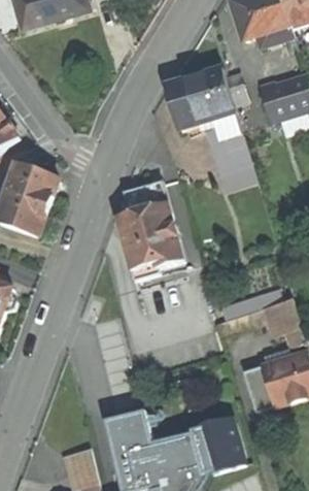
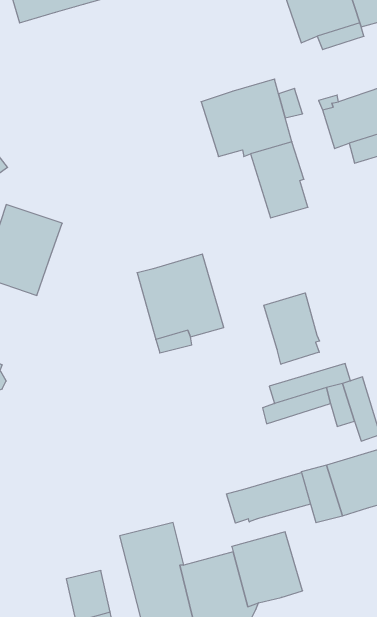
building: [122,181,167,215] -> none
building: none -> [264,293,320,364]
building: none -> [227,473,311,523]

